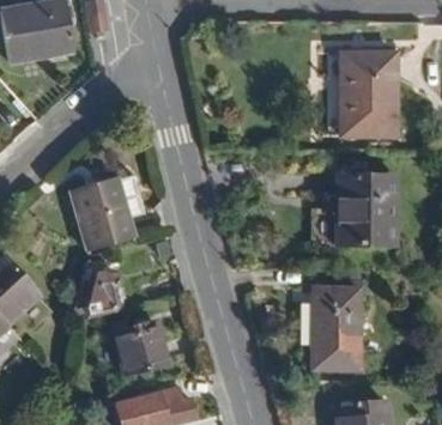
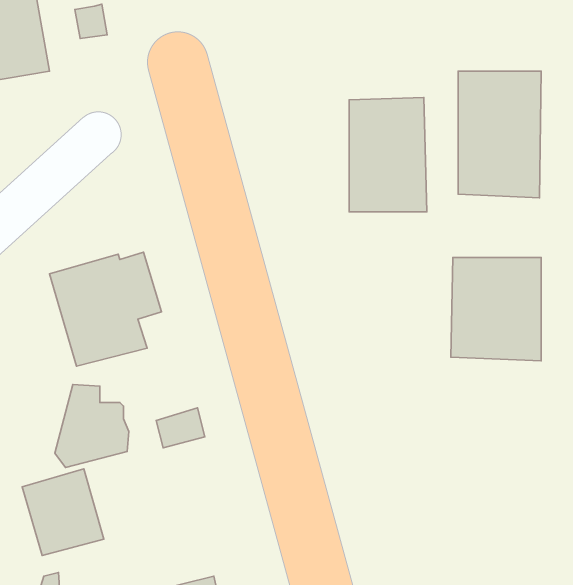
building: none -> [349,98,427,212]
building: [313,290,361,366] -> none
building: [113,317,166,375] -> [22,469,104,556]

